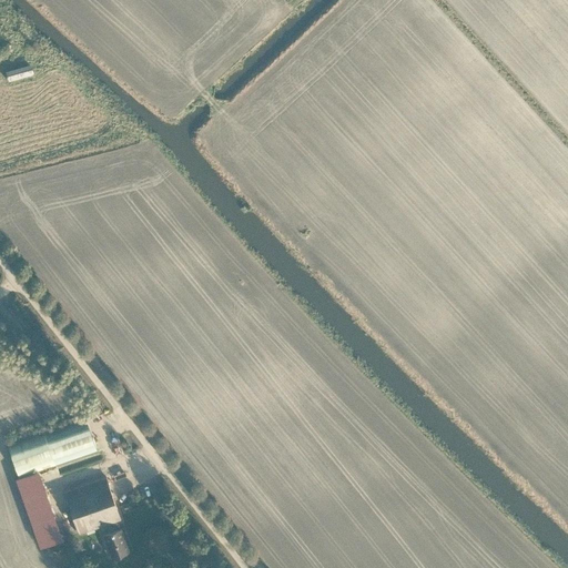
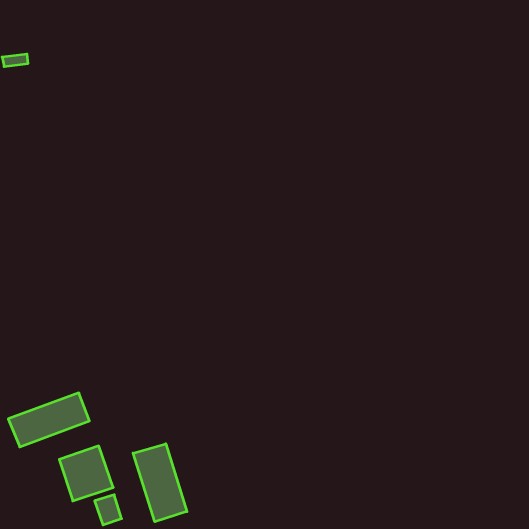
building: none -> [133,444,187,522]
building: [23,488,62,548] -> none

